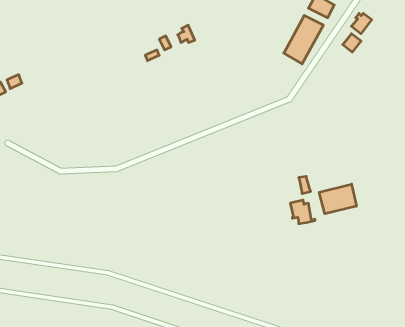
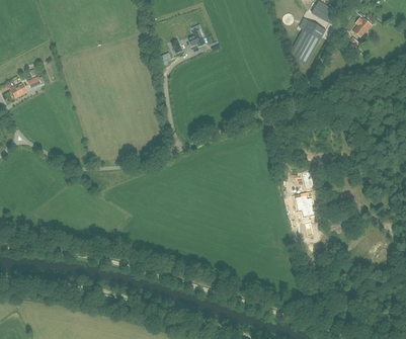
building: [319,184,356,214] -> none

